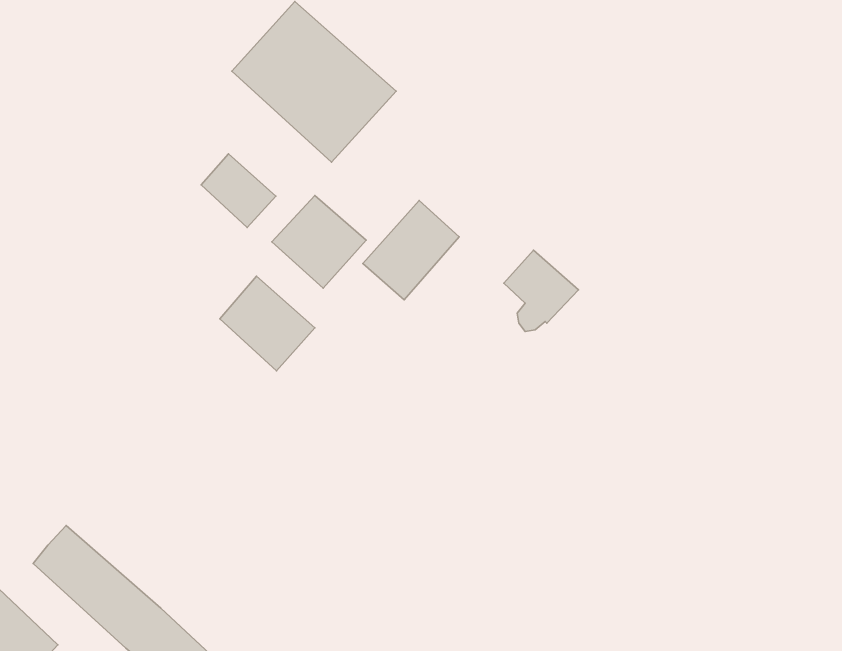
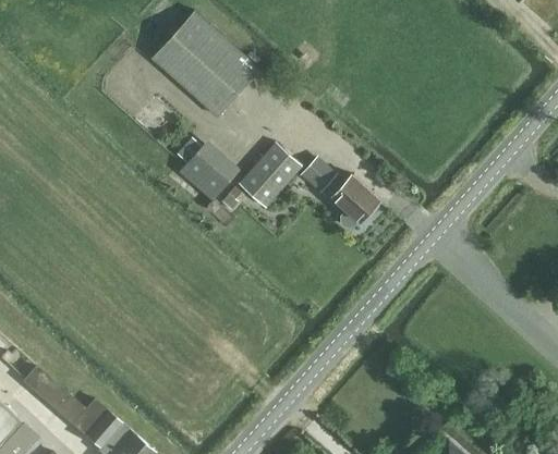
building: [201,154,276,228] -> none
building: none -> [301,159,336,194]
building: [220,276,315,371] -> none

